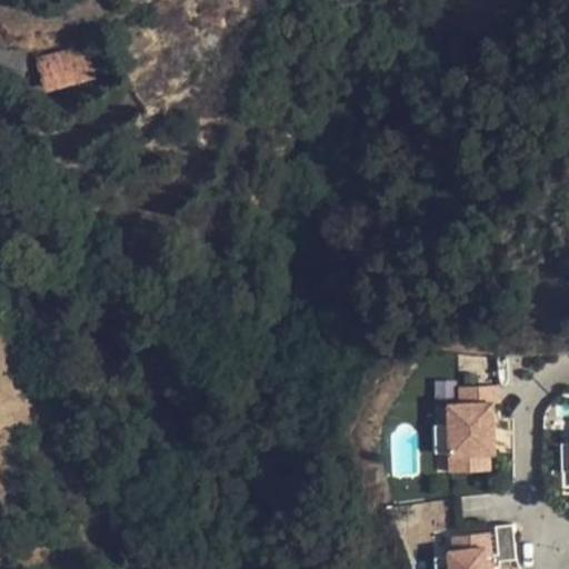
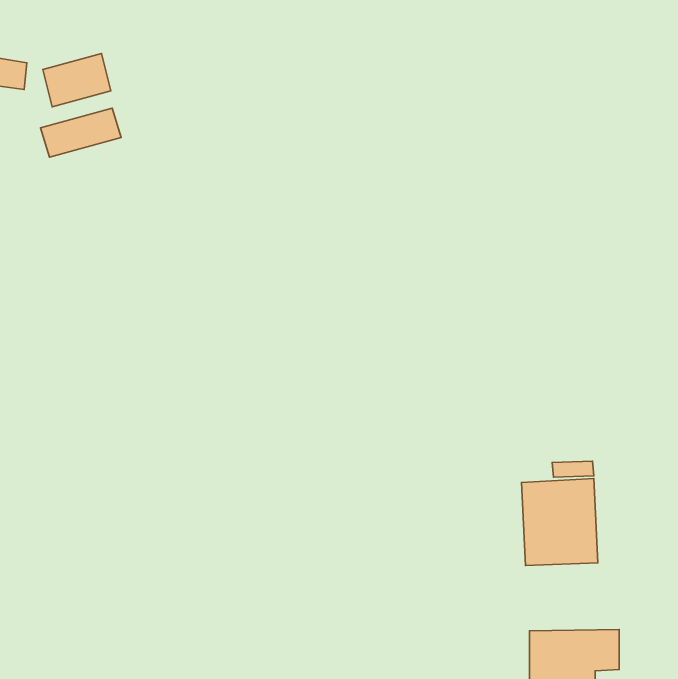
building: none -> [41,108,121,157]

